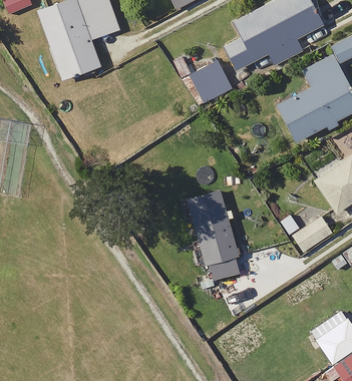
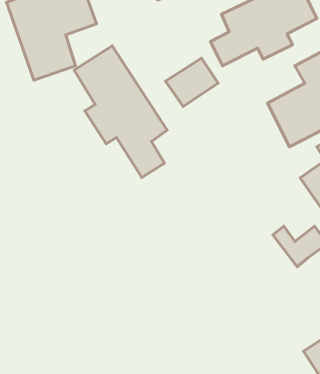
building: none -> [74,46,167,177]
building: [189,192,240,279] -> none

